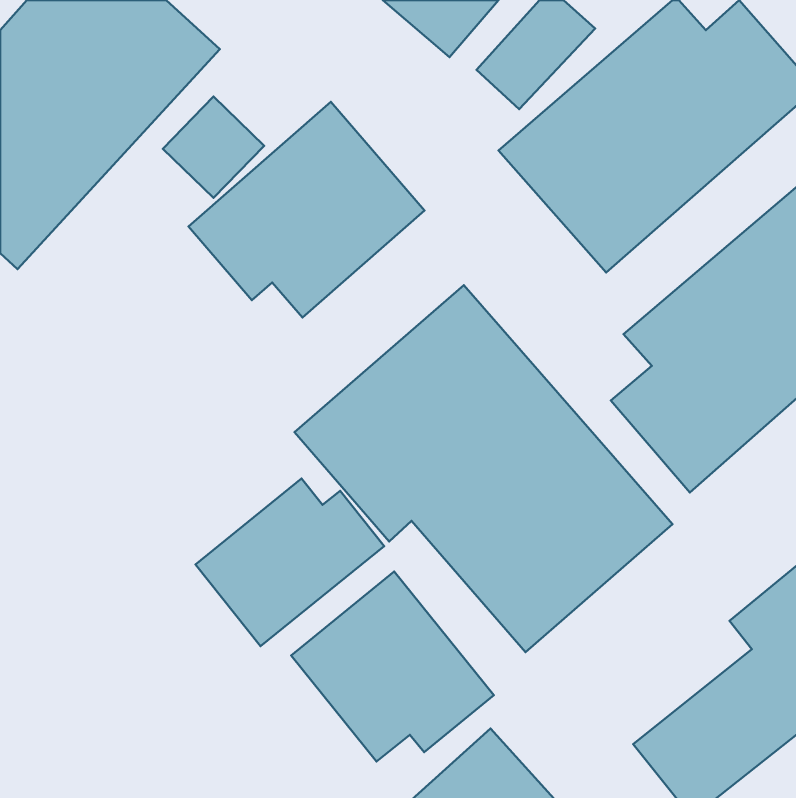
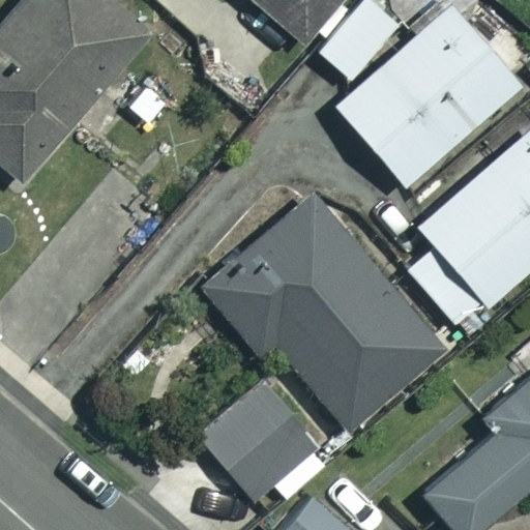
building: [188,102,425,317] -> none
building: [195,479,384,646] -> none

